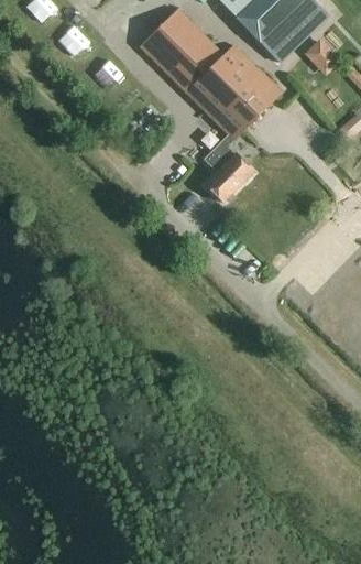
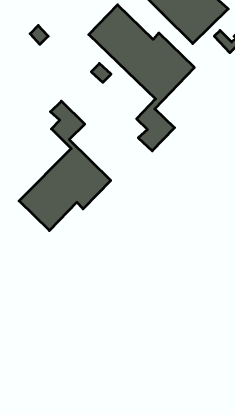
building: none -> [19,101,111,231]

